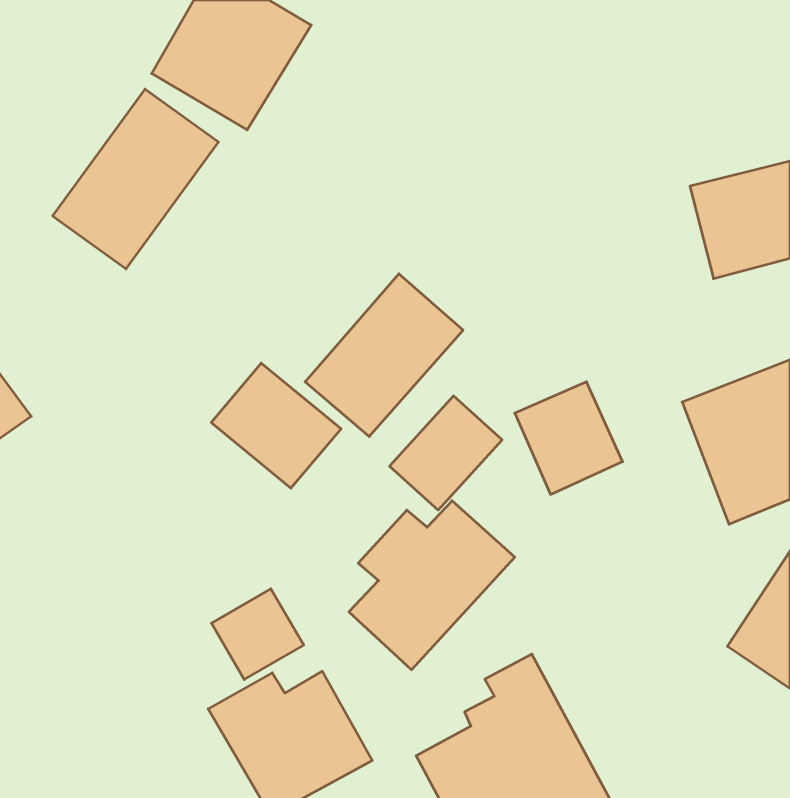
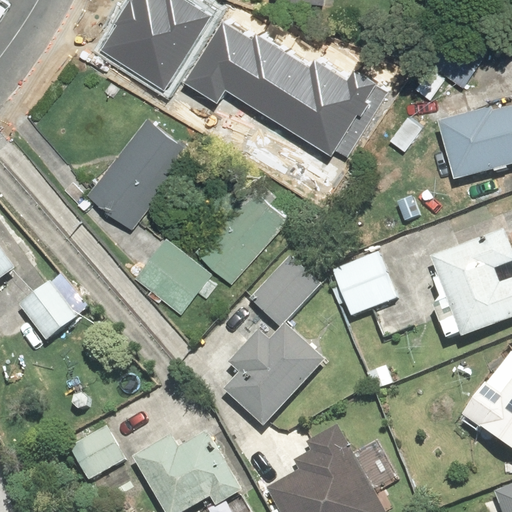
building: none -> [179,21,385,166]
building: [53,89,218,269] -> [88,110,194,225]
building: none -> [20,279,81,341]
building: [211,589,304,680] -> [69,422,128,480]

